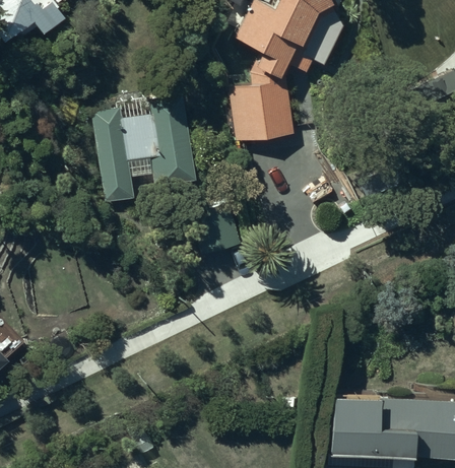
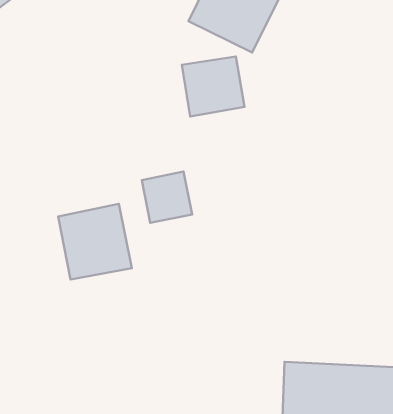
building: [90,93,189,181] -> none
building: none -> [58,204,132,280]

